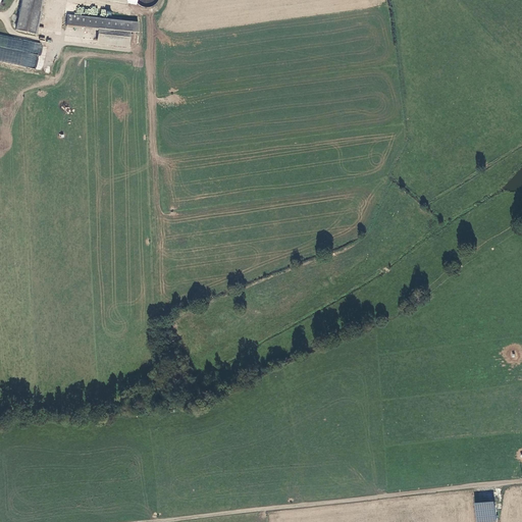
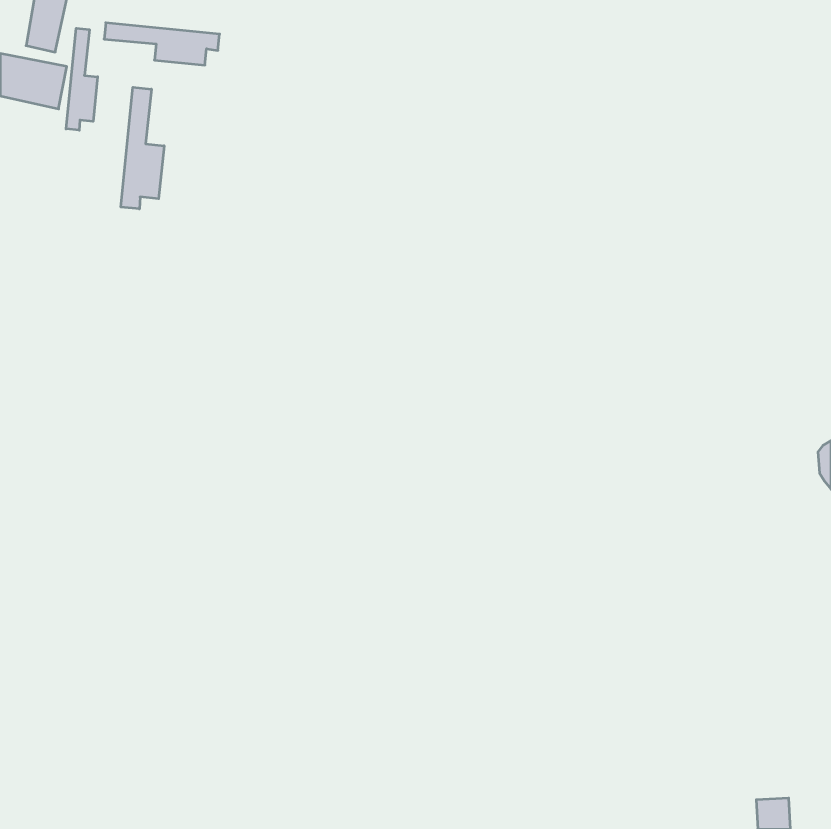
building: none -> [66,28,98,130]
building: none -> [121,87,164,209]

